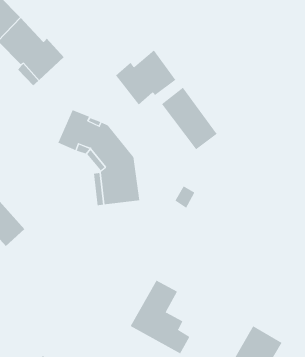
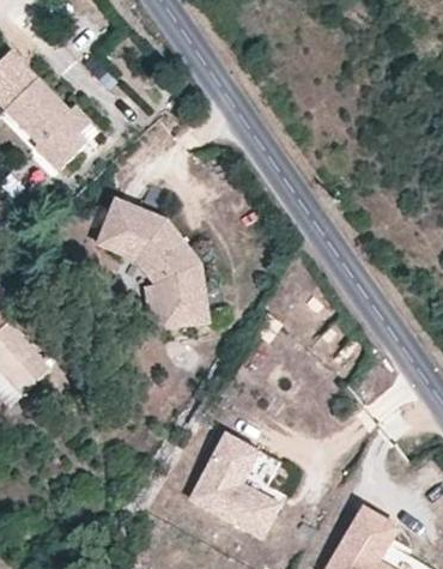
building: [115,50,176,105] -> none
building: [161,87,217,150] -> none

